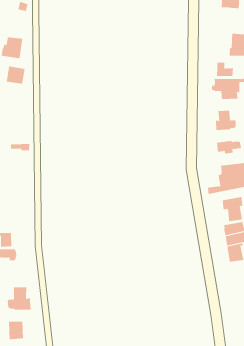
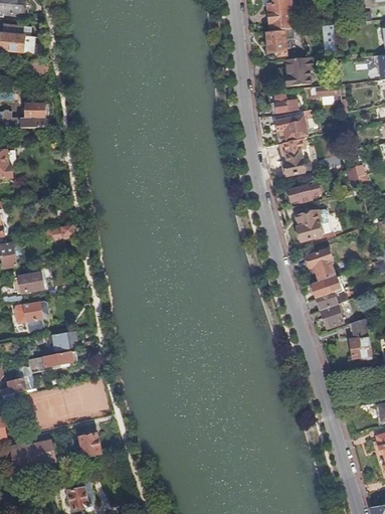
building: none -> [265,30,290,56]
building: [6,65,25,84] -> none
building: [7,286,31,310] -> none

